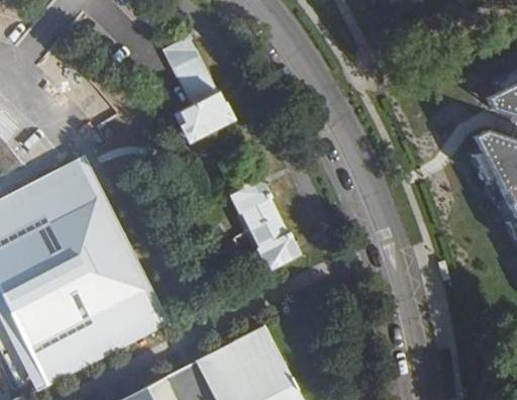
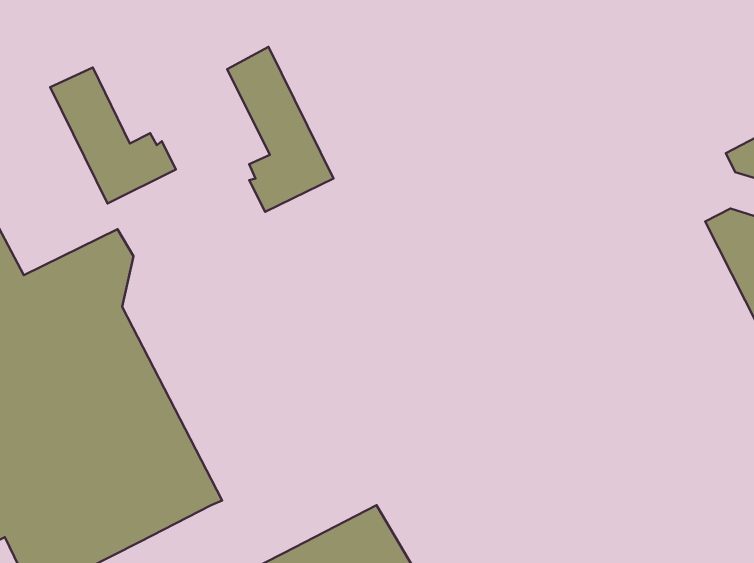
building: none -> [50,68,176,203]
building: [232,173,306,271] -> none

